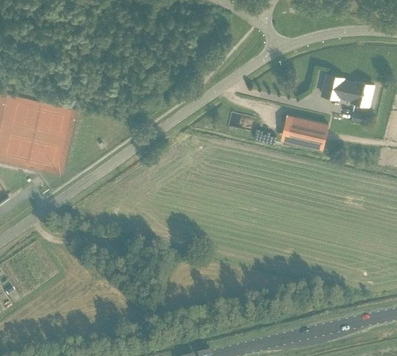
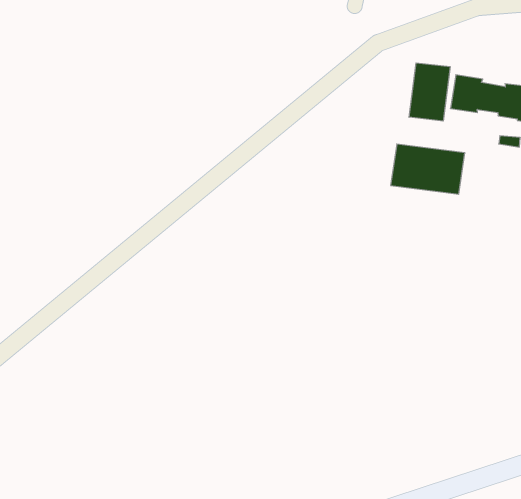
building: none -> [409,63,450,121]

